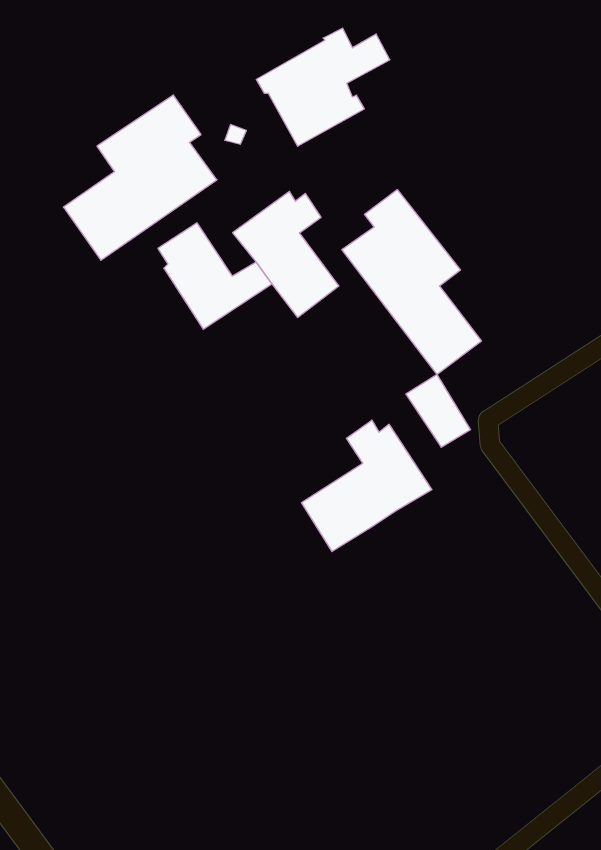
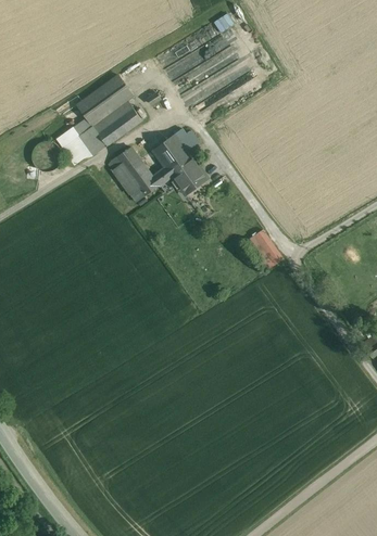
building: [342,190,481,374] -> none
building: [302,420,432,552] -> none

